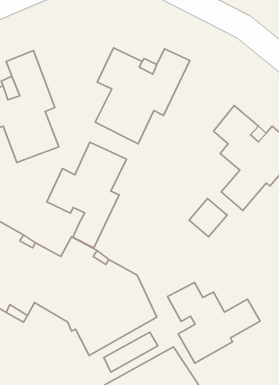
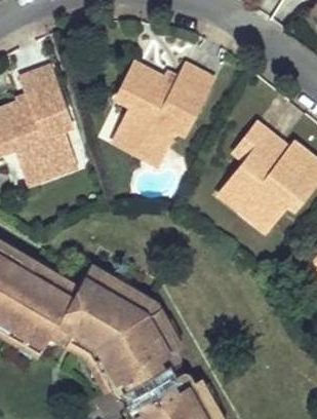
building: [47,142,127,248] -> none
building: [189,199,227,237] -> [224,175,264,215]
building: [167,282,260,363] -> none

